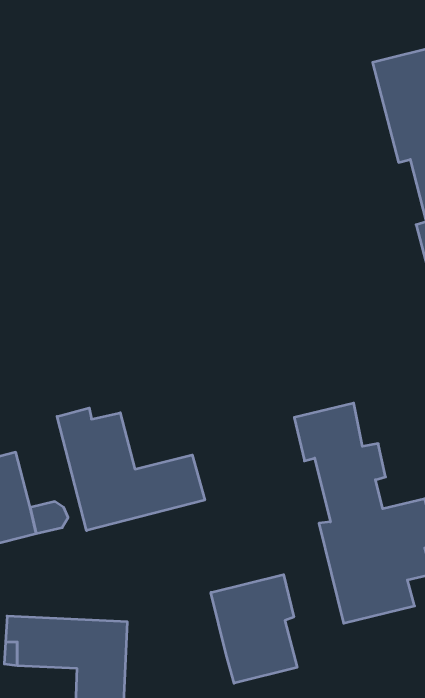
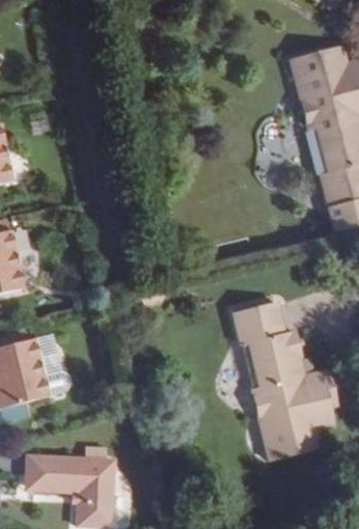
building: [57,408,205,531] -> none
building: [211,575,297,683] -> none

